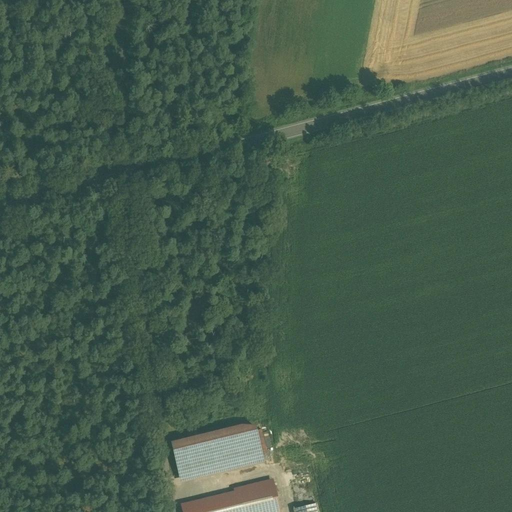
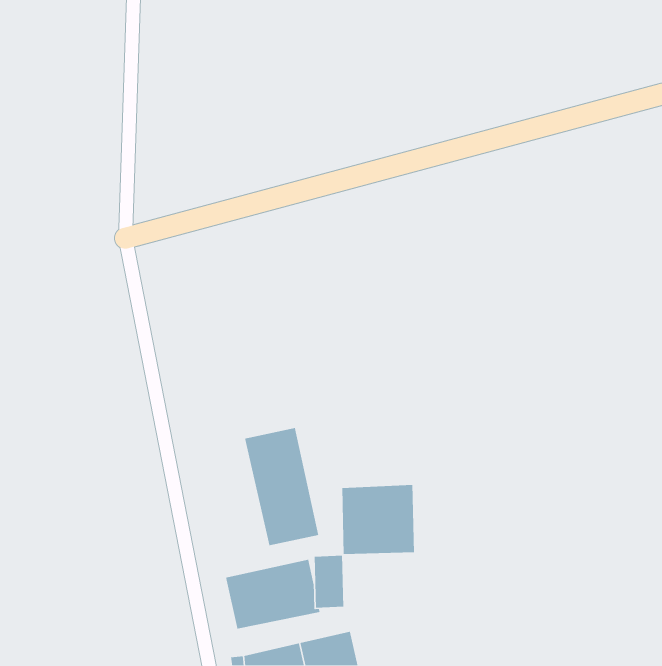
building: none -> [244,427,319,546]
building: none -> [341,484,415,555]

